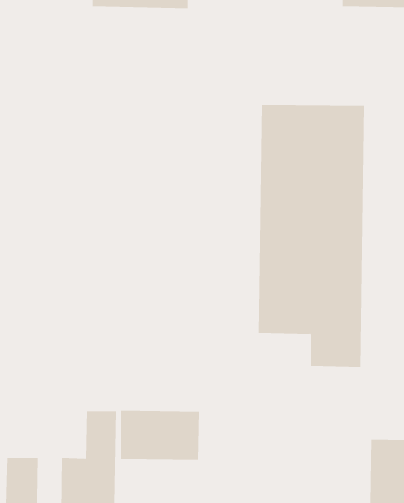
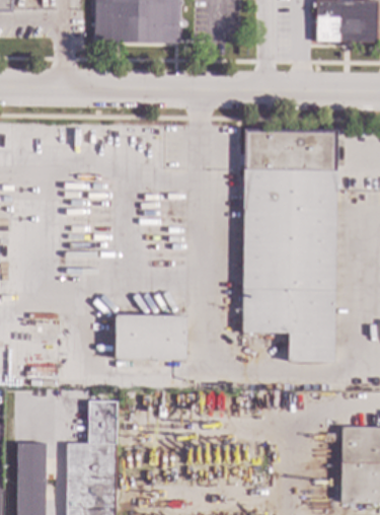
building: [120,410,200,460] -> [116,315,186,360]

